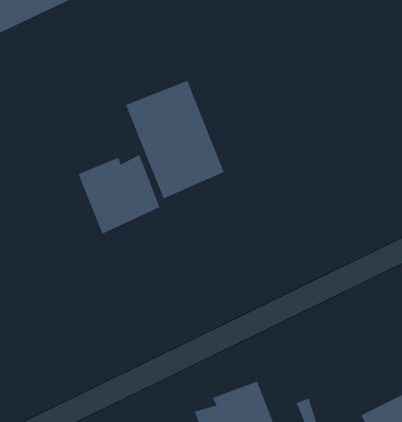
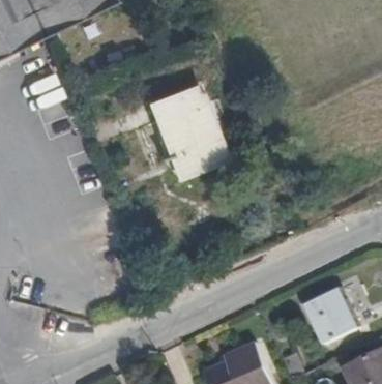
building: [78,154,160,234] -> none
building: none -> [312,288,362,338]

